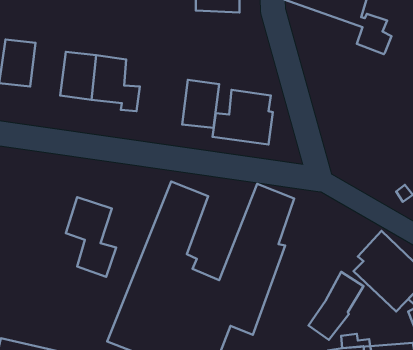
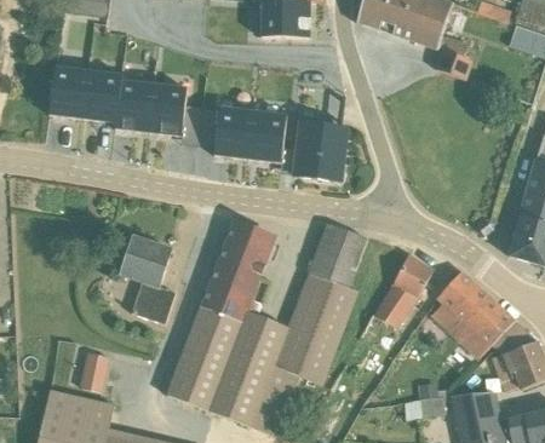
building: none -> [81,69,120,121]
building: none -> [196,105,252,157]
building: [309,272,363,340] -> [373,255,432,329]
building: none -> [78,350,108,391]

